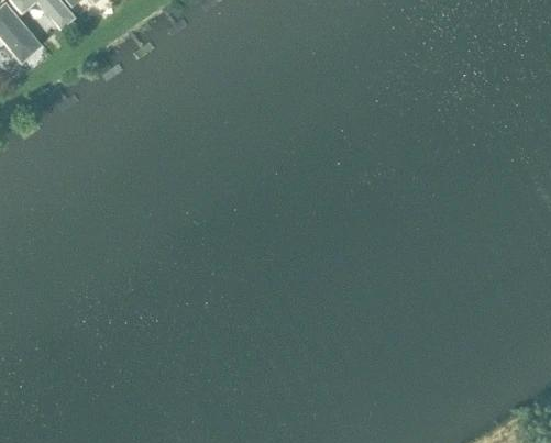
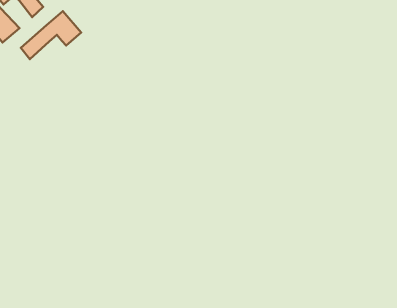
building: none -> [21,11,81,59]

